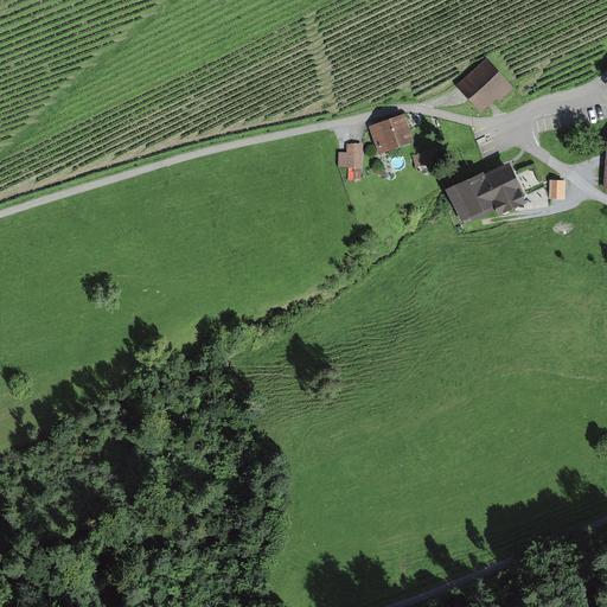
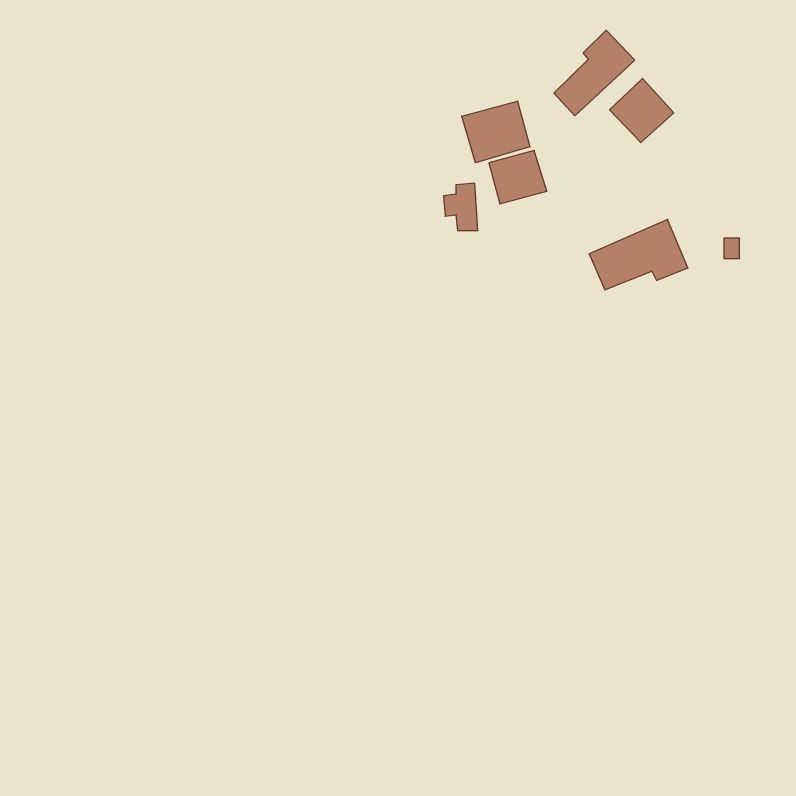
building: none -> [554,30,635,116]
building: none -> [462,101,530,163]

